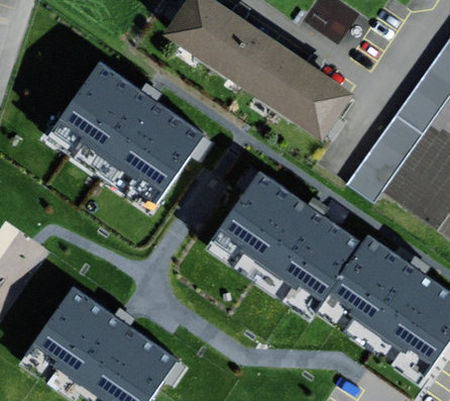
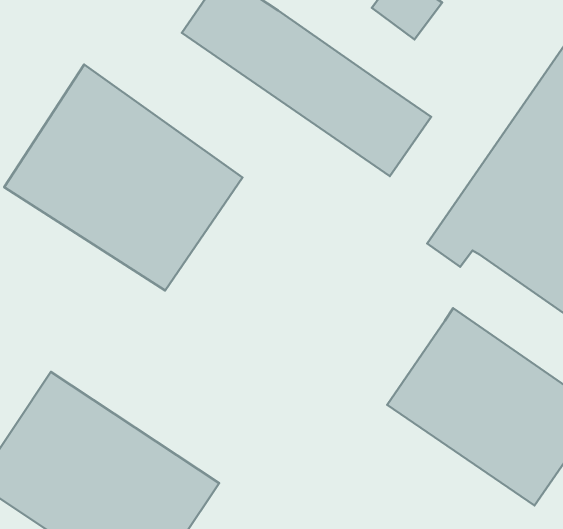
building: [209,174,360,316] -> none

